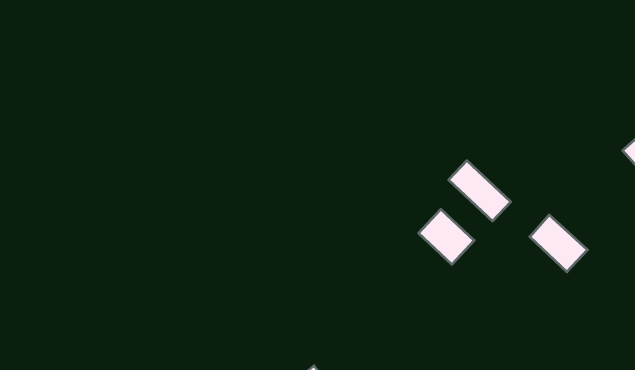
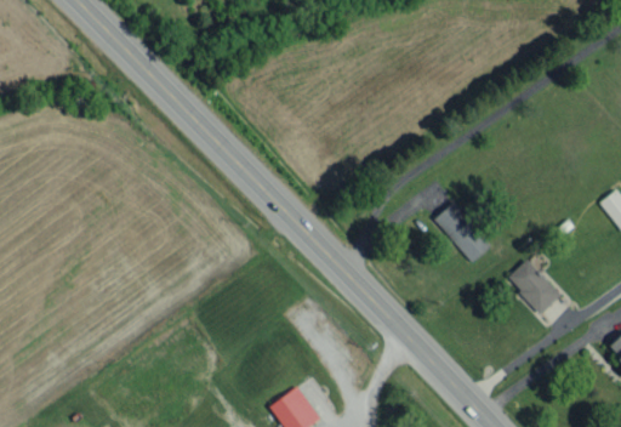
building: [419,209,474,264] -> none

